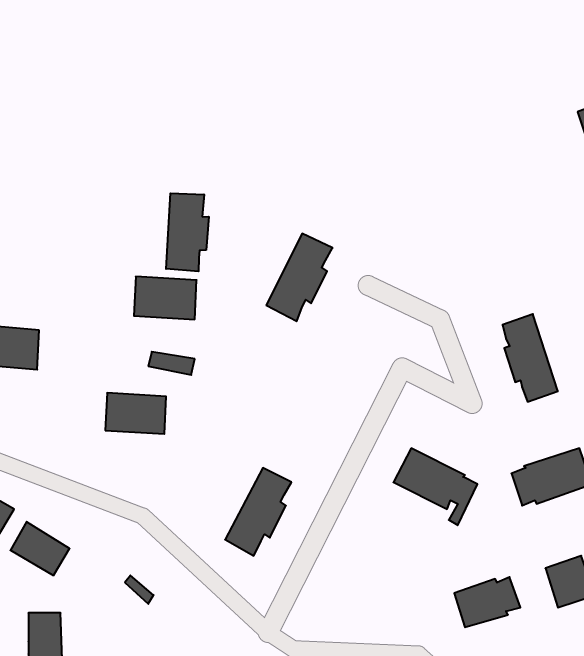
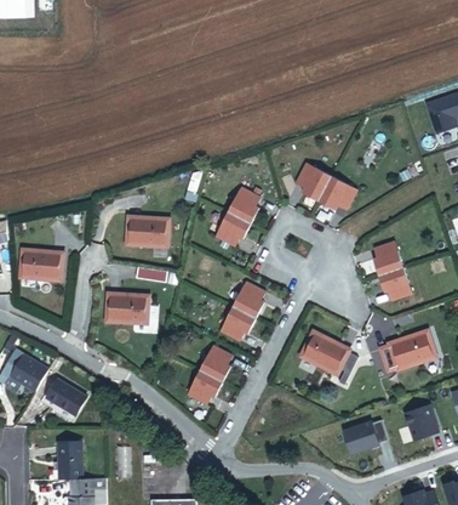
building: [166,193,209,271] -> none
building: none -> [298,161,360,209]
building: none -> [222,280,268,340]

